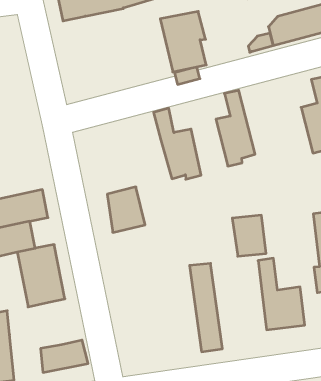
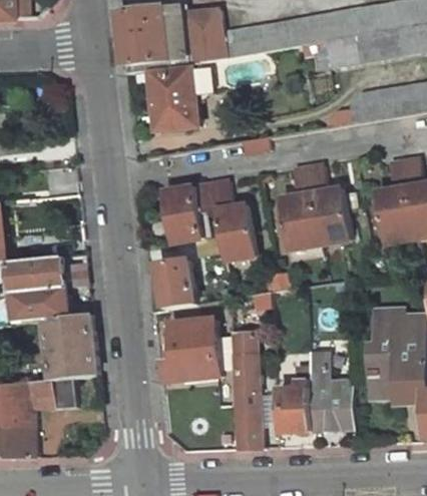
building: [160,11,206,72] -> [147,65,194,128]
building: none -> [307,163,350,241]
building: none -> [164,181,217,240]
building: [232,215,266,256] -> [279,388,312,430]
building: none -> [161,318,220,380]
building: [41,340,88,372] -> [31,377,81,408]

